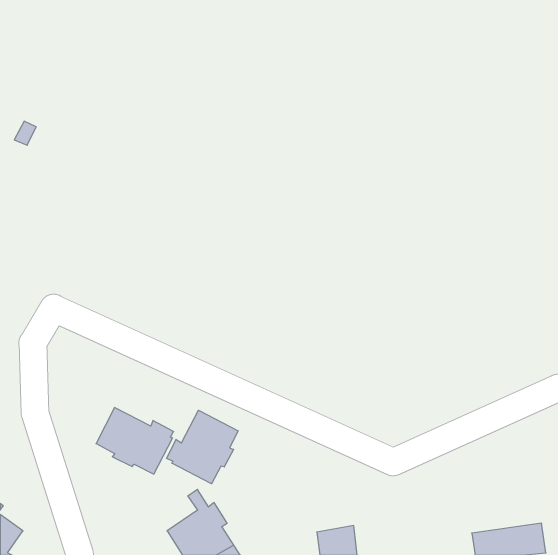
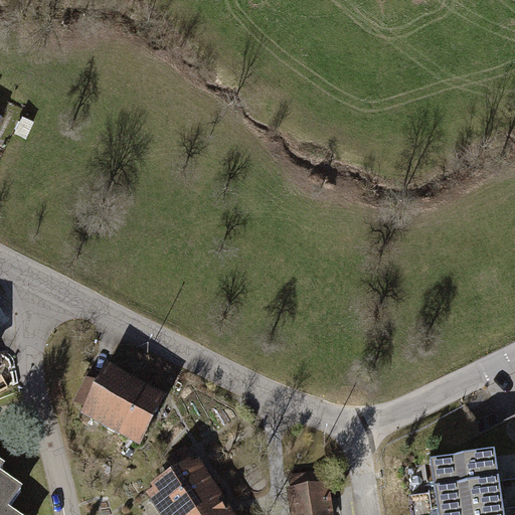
building: [167,410,238,484] -> none
building: none -> [431,453,499,491]

